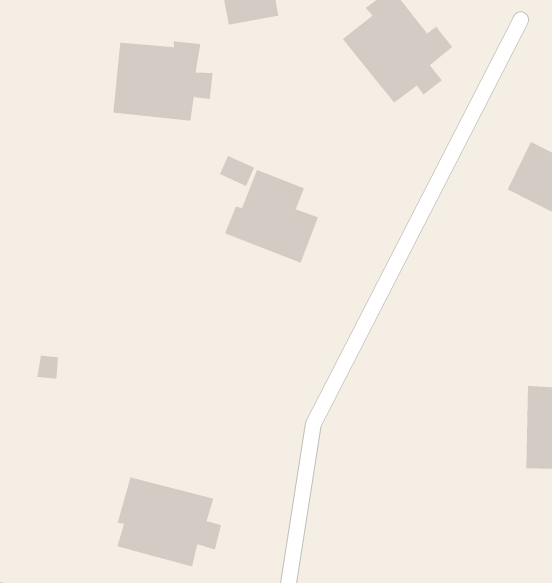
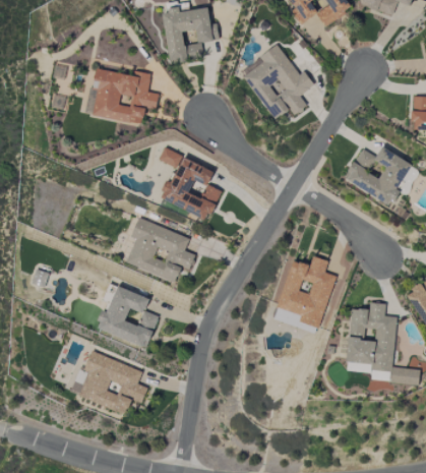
building: none -> [125,218,194,282]
building: none -> [277,255,333,328]
building: none -> [96,286,158,346]

